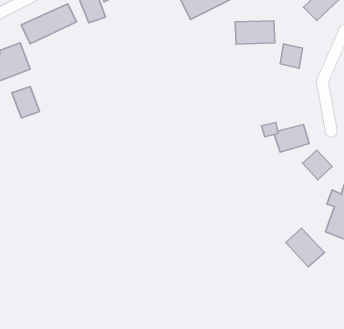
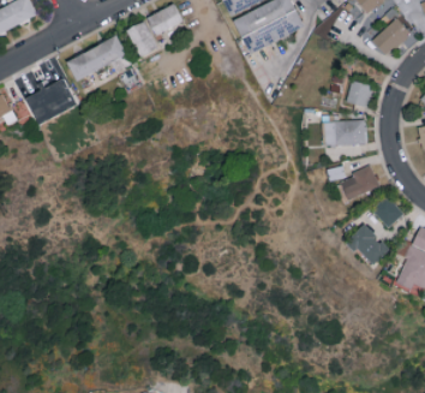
building: [235,21,275,44] -> [323,120,366,145]
building: [12,86,40,118] -> none
building: [286,228,325,267] -> [347,225,389,267]

